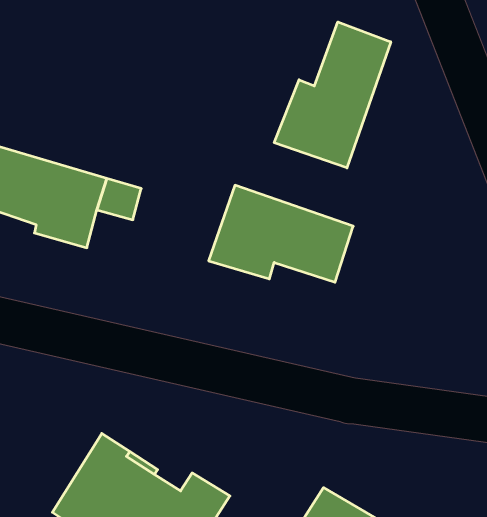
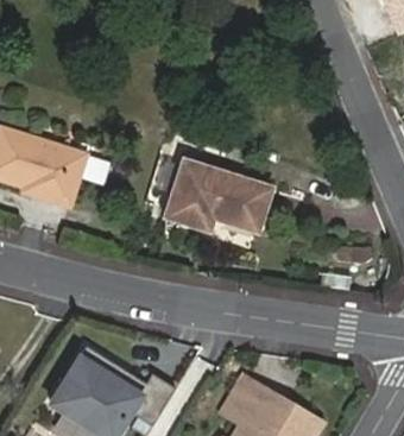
building: [274,22,391,168] -> none

